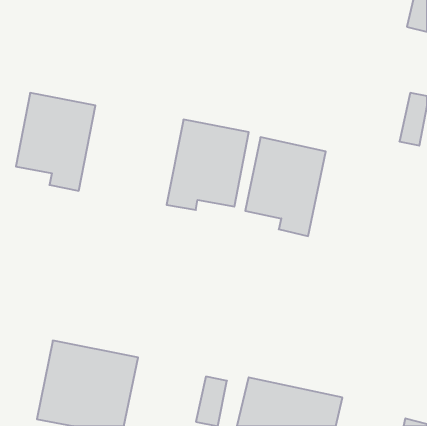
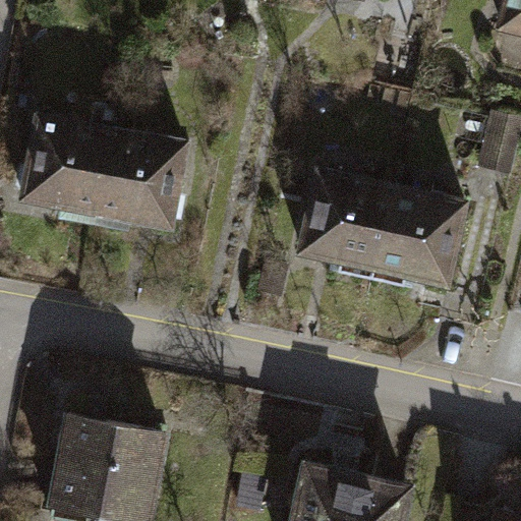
building: [167,120,249,210] -> [96,128,195,238]
building: none -> [374,184,475,294]

